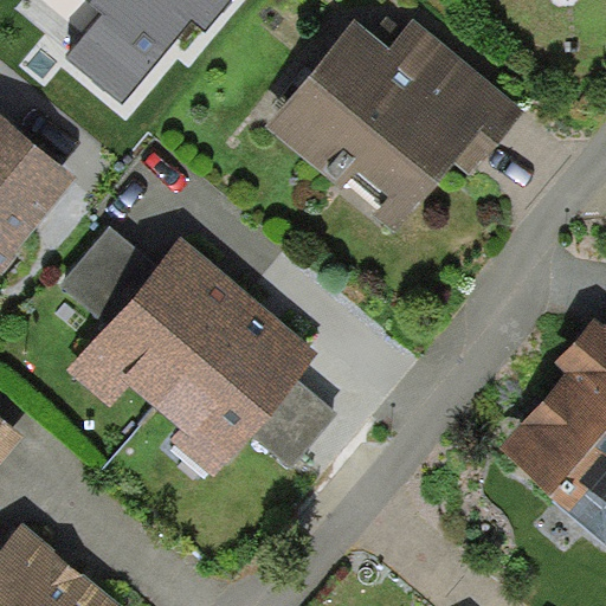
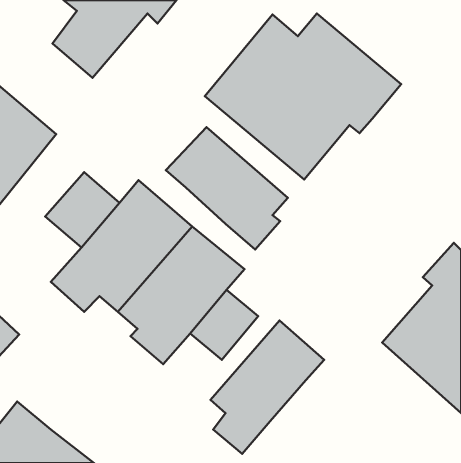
building: none -> [166,127,288,249]
building: none -> [211,321,324,454]

